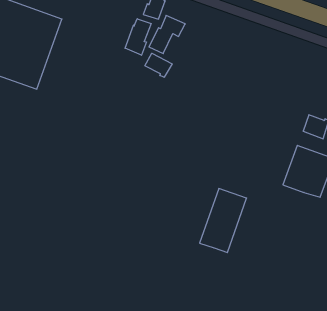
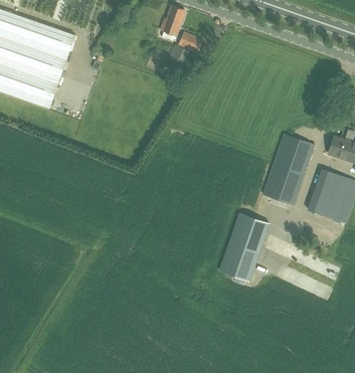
building: [125,19,151,55] -> none
building: [145,53,172,77] -> none
building: none -> [261,133,314,205]

